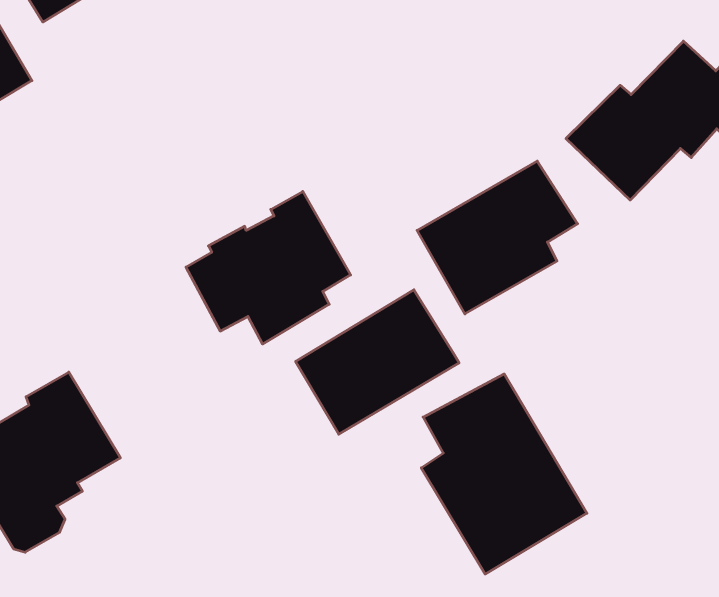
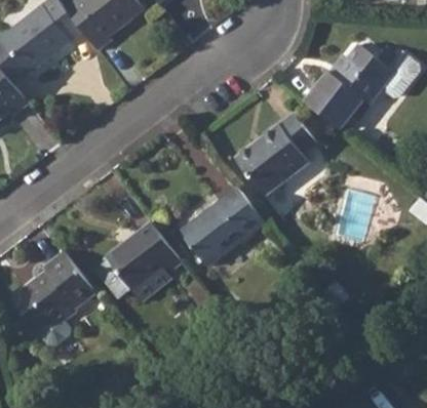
building: [186,191,351,344] -> [95,222,181,303]
building: [421,374,587,574] -> none

